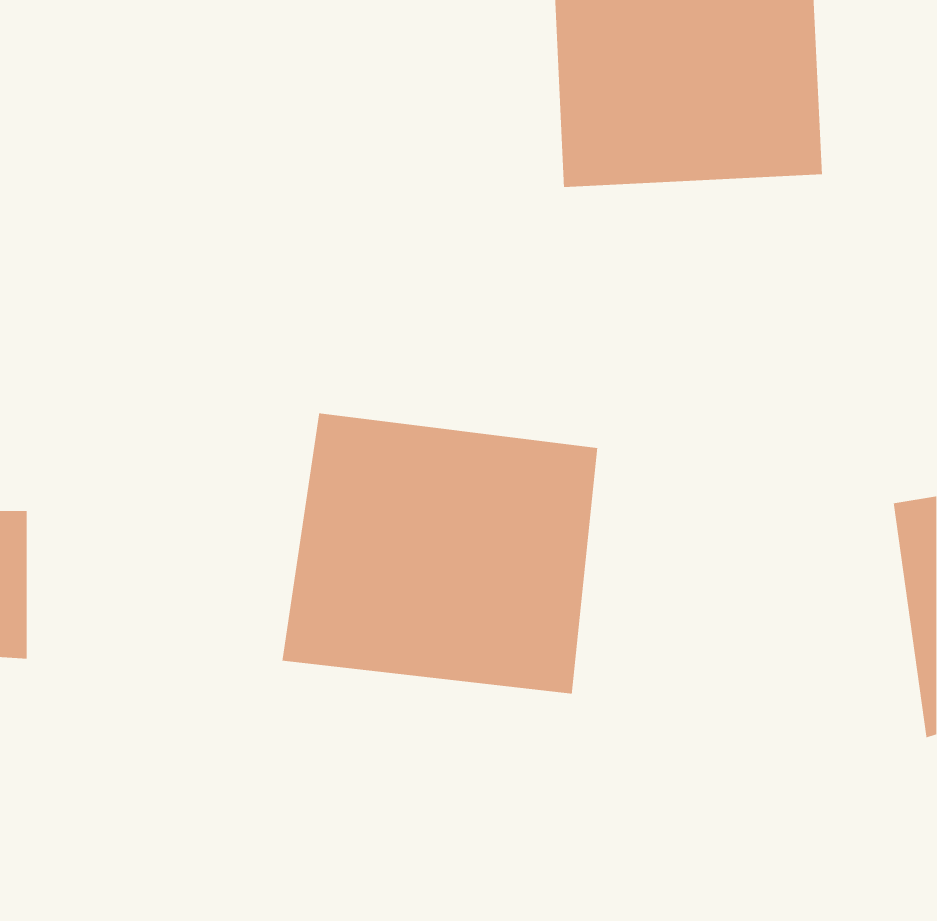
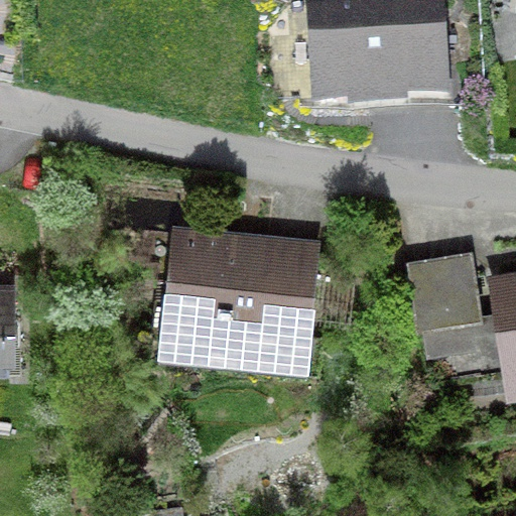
building: none -> [409,251,484,335]

